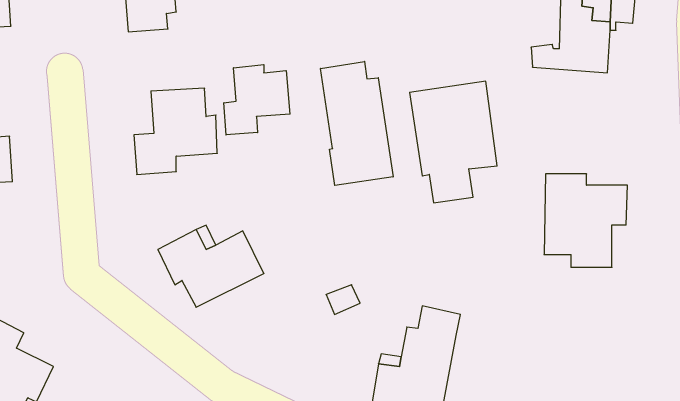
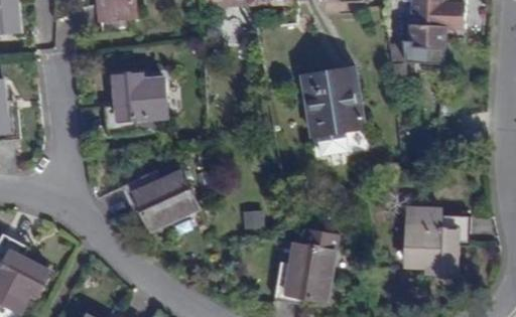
building: [321,61,393,185] -> none
building: [224,65,290,135] -> none
building: [544,174,627,267] -> [409,207,469,274]

